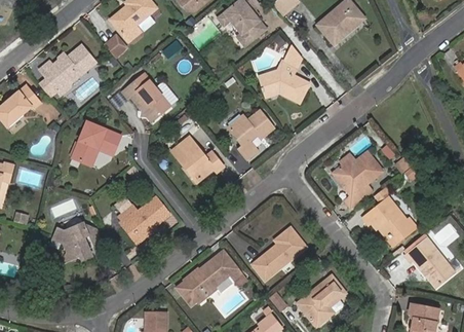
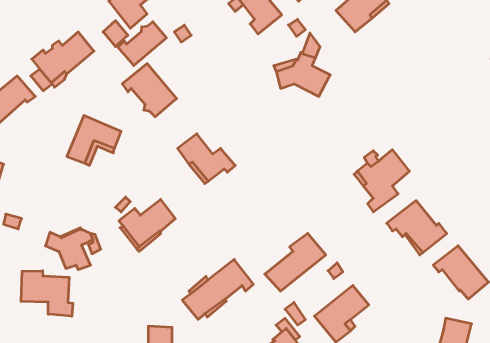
building: none -> [118,22,166,66]
building: [227,110,273,158] -> none
building: none -> [21,271,73,316]

